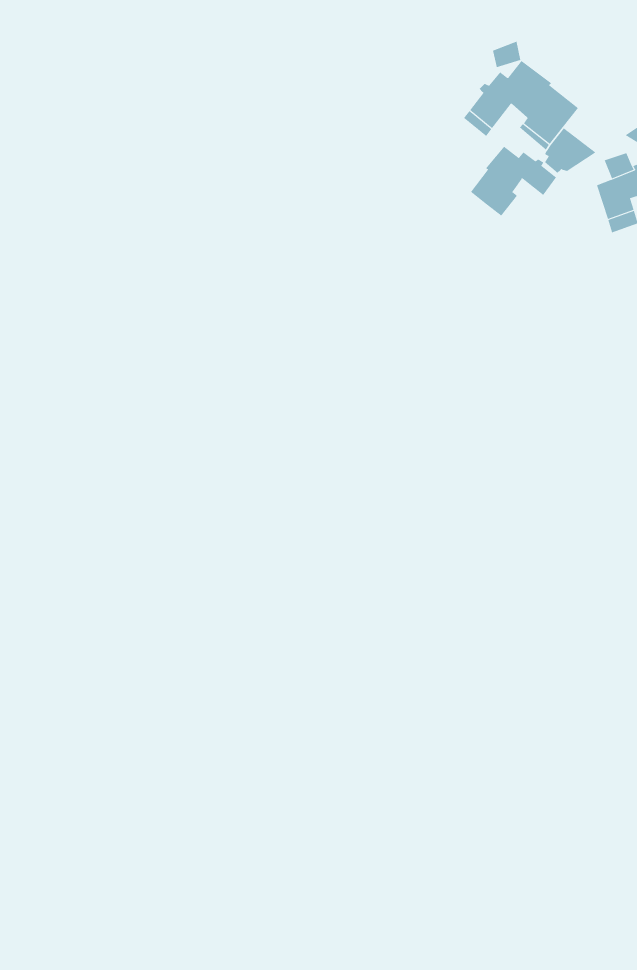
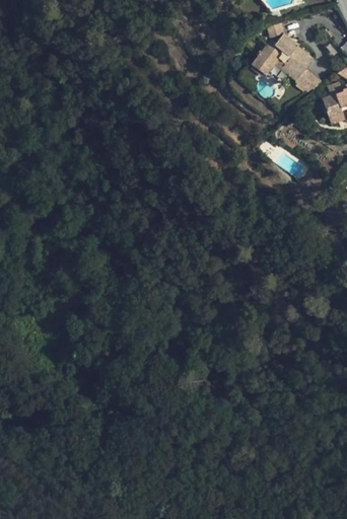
building: [470,146,557,217] -> none

